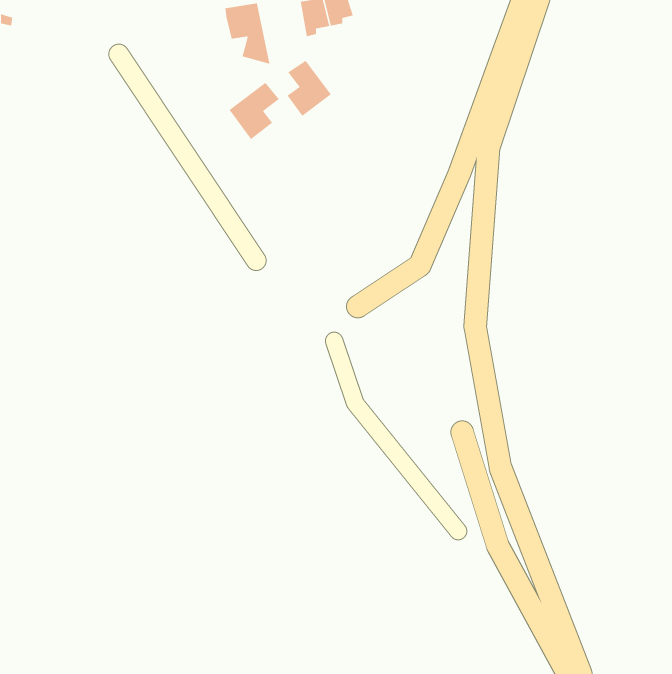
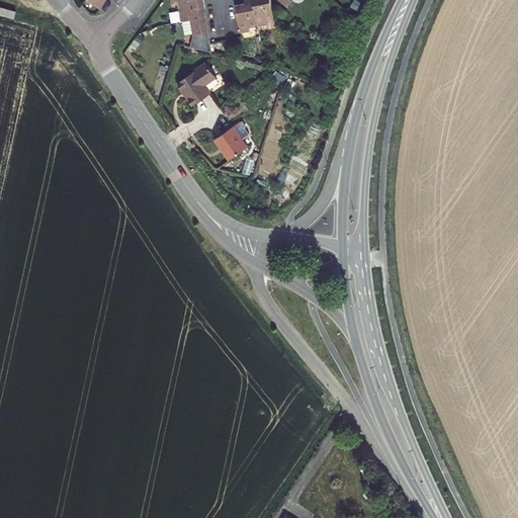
building: [286,60,332,117] -> none
building: none -> [219,119,252,157]

